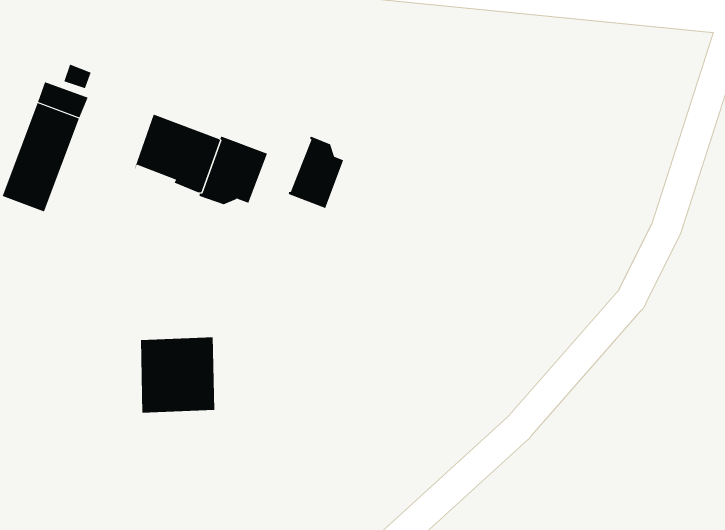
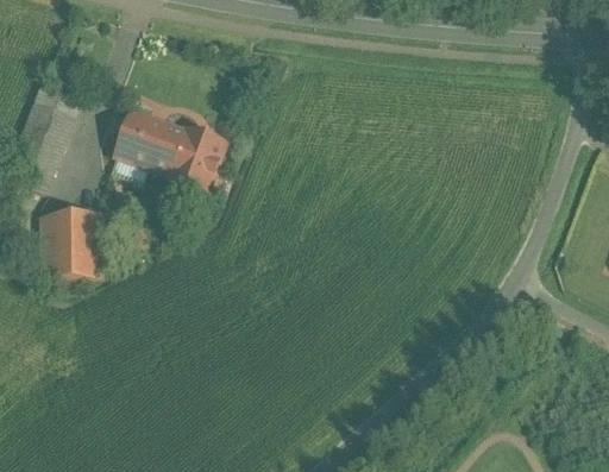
building: [288,136,344,209] -> none
building: [140,337,215,413] -> [40,208,101,270]

